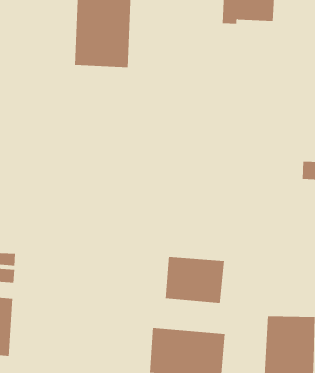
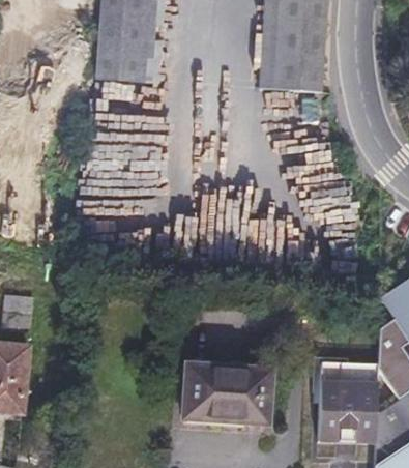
building: none -> [264,26,327,90]
building: [165,256,224,304] -> none

